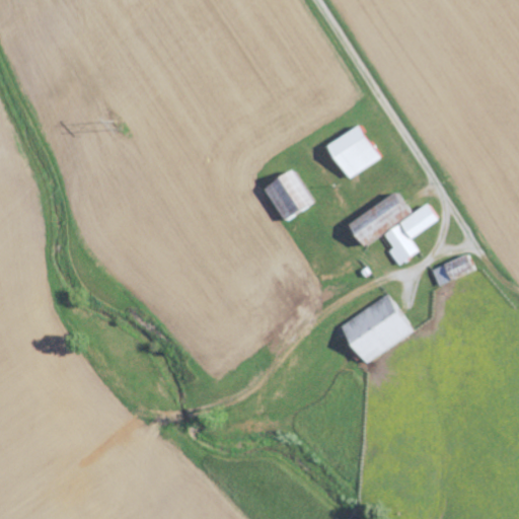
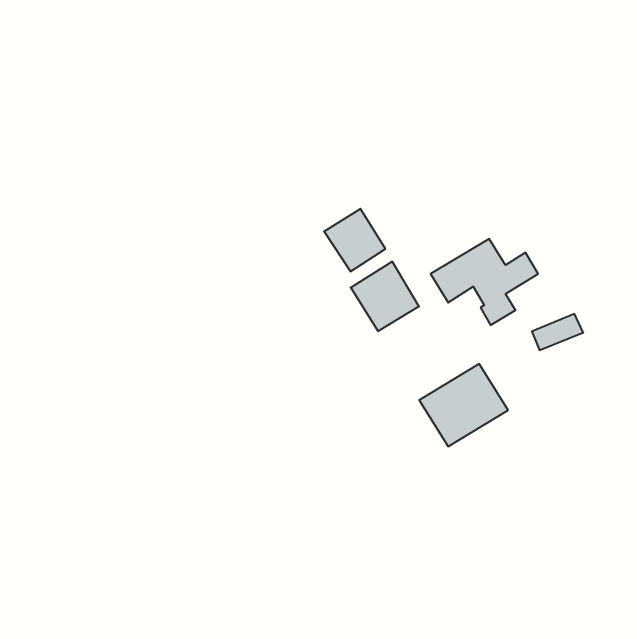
building: [327,125,379,178] -> none
building: none -> [351,261,419,331]

